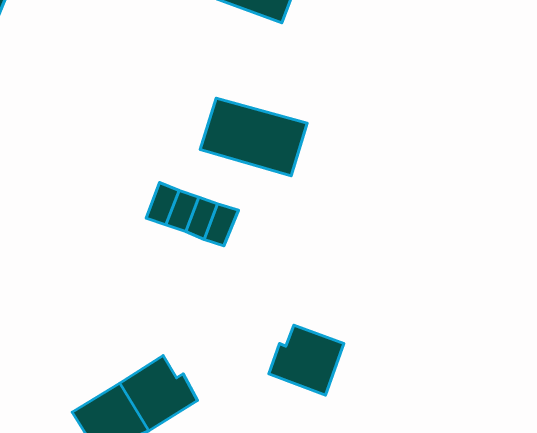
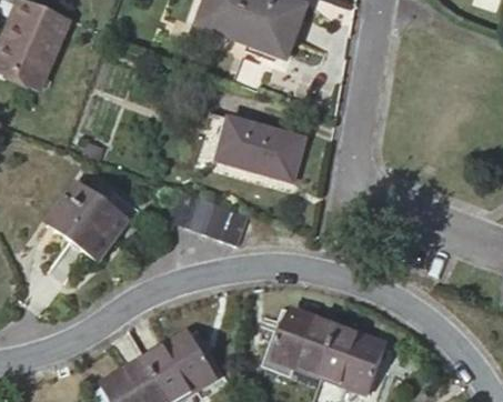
building: none -> [58,191,119,258]
building: none -> [322,324,378,384]

